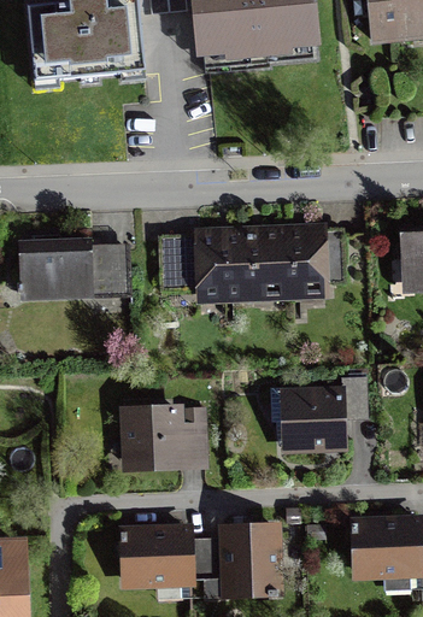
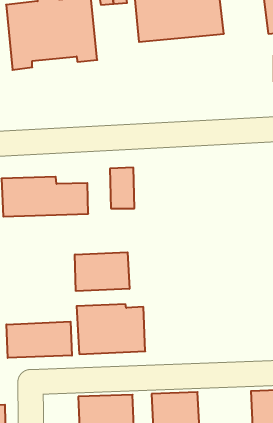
building: [201,225,327,292] -> none
building: none -> [75,252,129,291]
building: [281,388,343,454] -> none
building: none -> [6,322,72,358]

